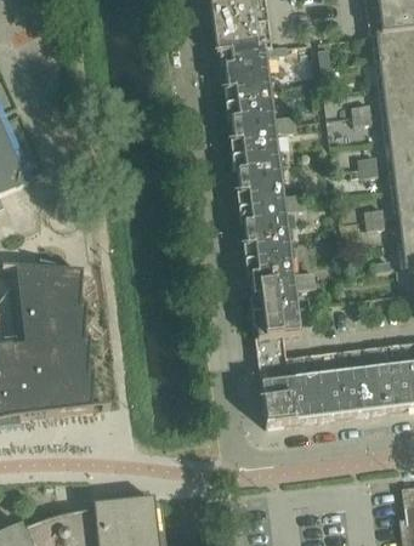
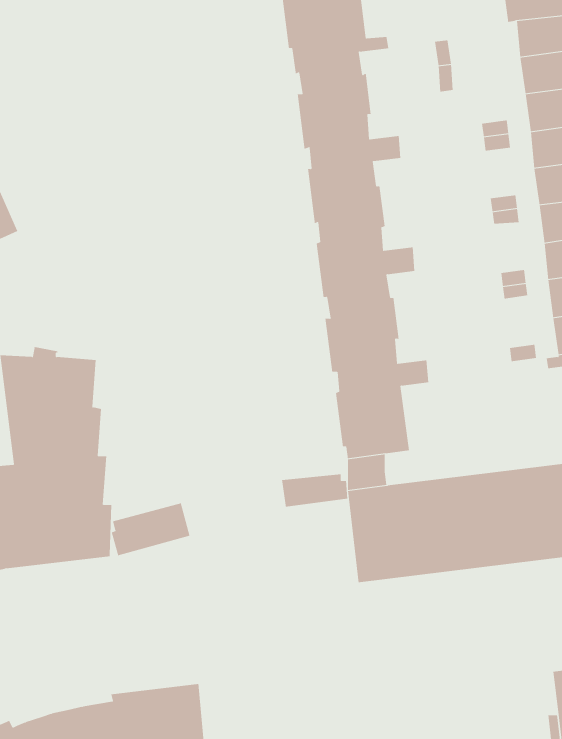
building: none -> [281,473,348,507]
building: none -> [111,502,190,556]

